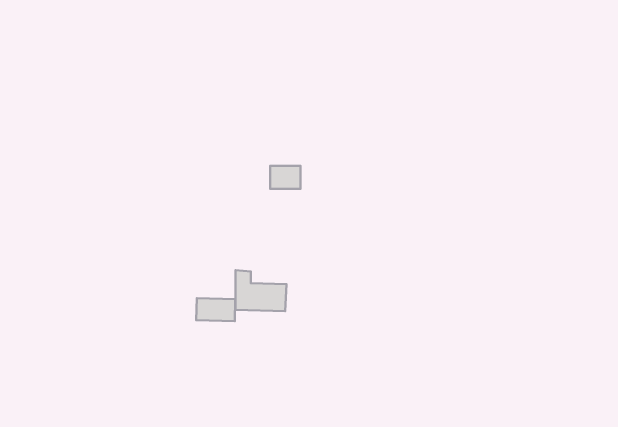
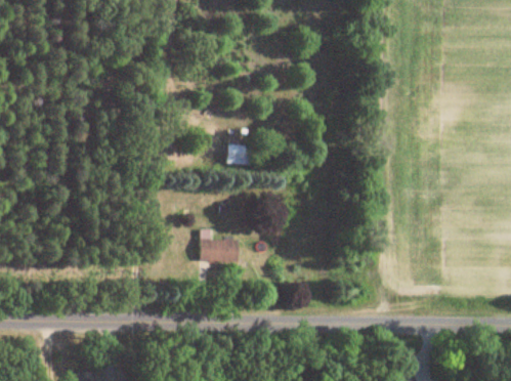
building: [196,298,235,321] -> none

